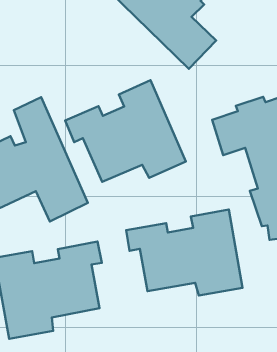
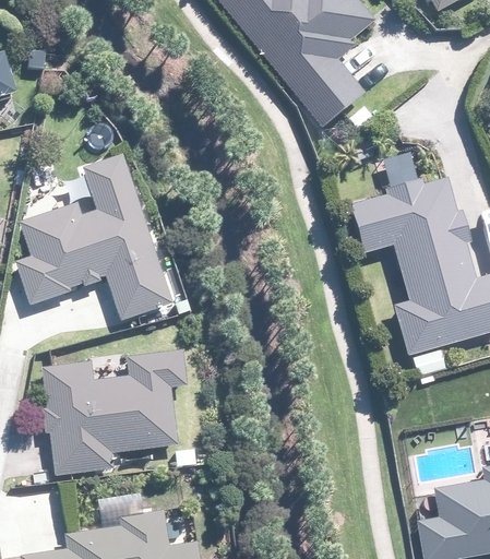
building: [65,80,186,182] -> none
building: [126,209,242,296] -> none

